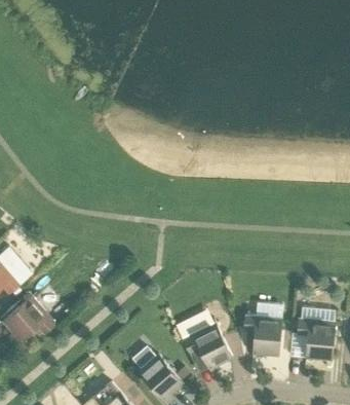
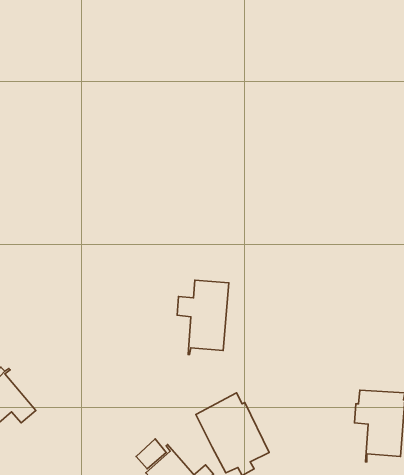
building: [243,302,282,359] -> [177,280,229,355]

